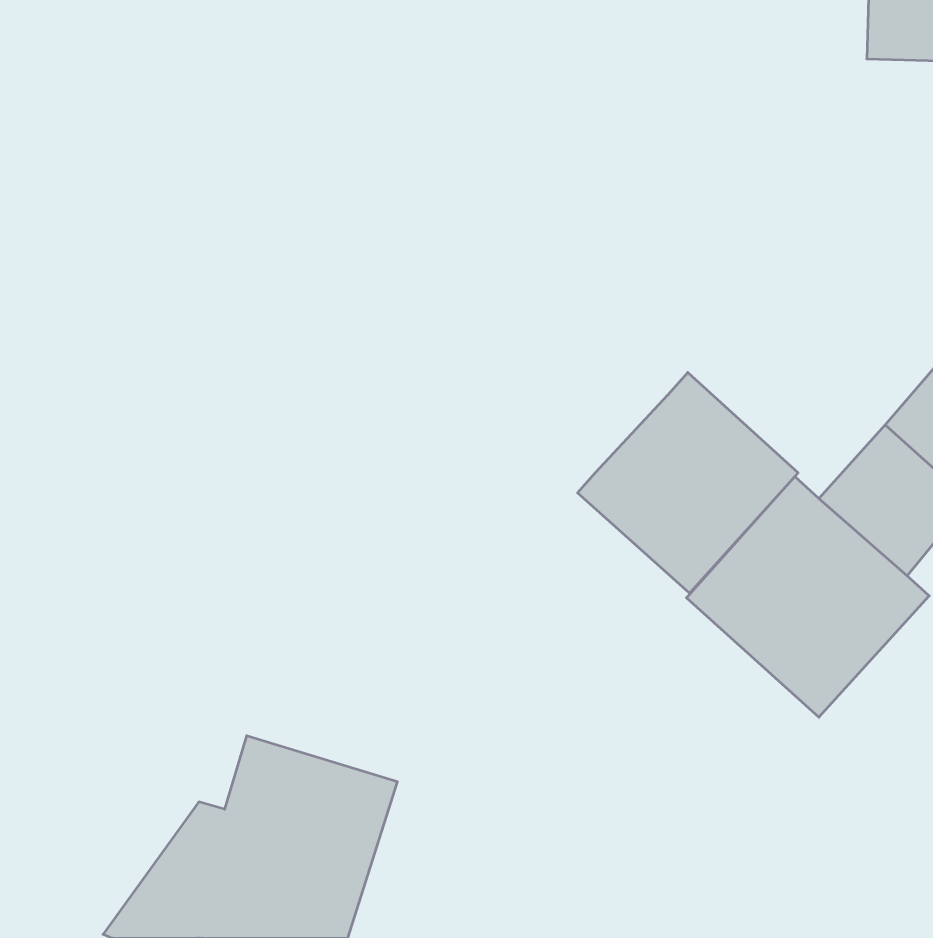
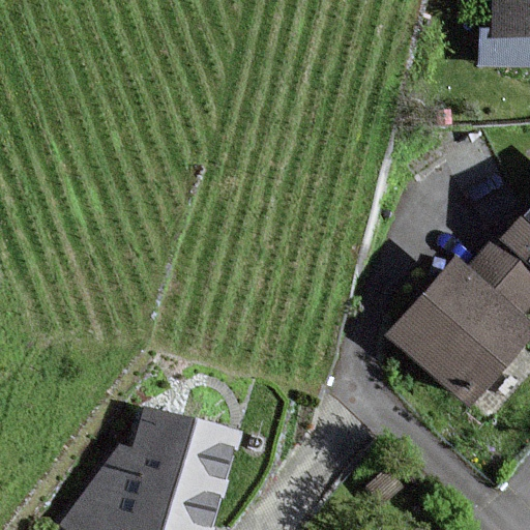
building: [578,372,798,593] -> none

